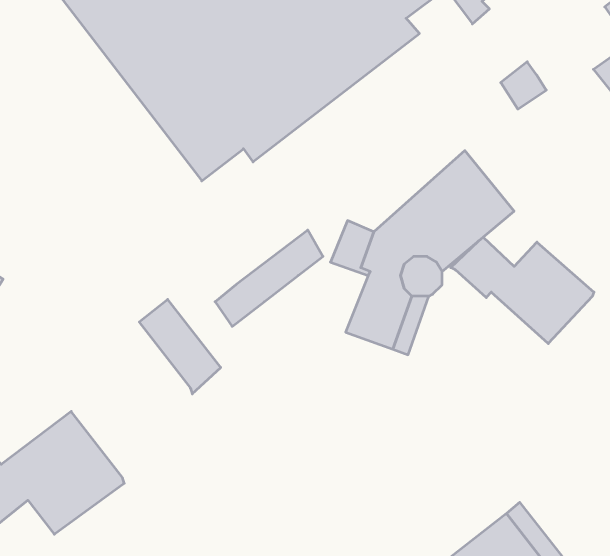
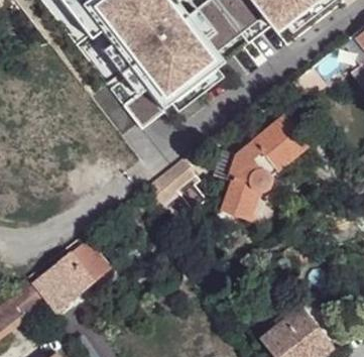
building: [451,237,594,344] -> none
building: [139,299,221,394] -> [71,240,114,290]

